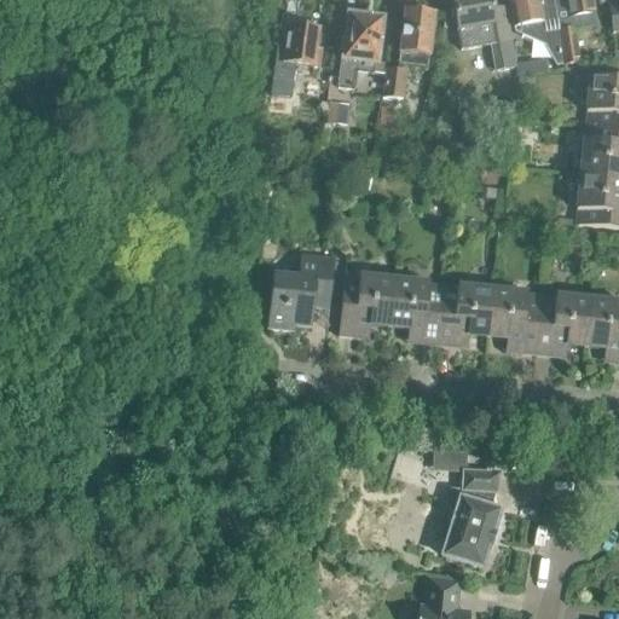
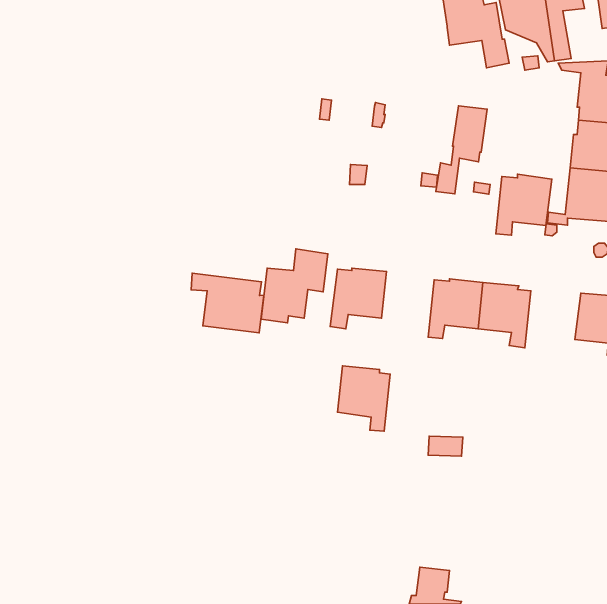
building: [383,8,435,98] -> [436,106,487,194]
building: [339,13,382,87] -> none
building: [272,23,322,82] -> none
building: [389,276,442,342] -> [338,366,390,431]
building: none -> [191,273,264,333]
building: [534,293,591,354] -> [496,174,552,235]
building: [441,469,499,565] -> none

